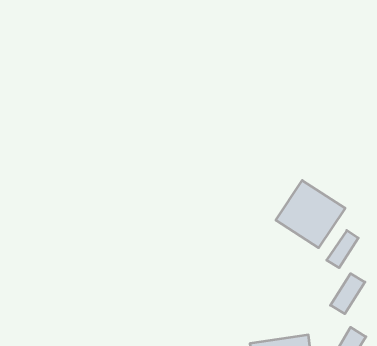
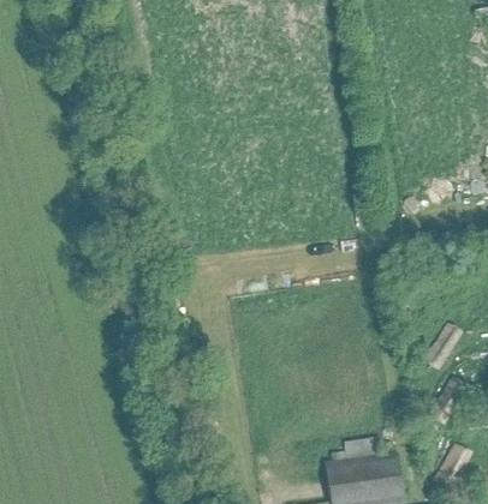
building: [276,180,345,248] -> none

